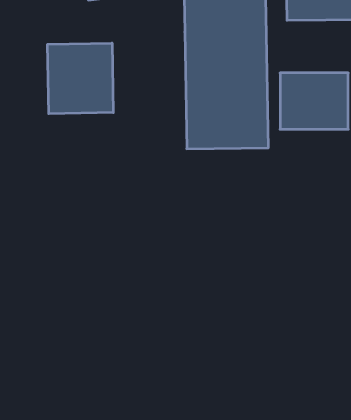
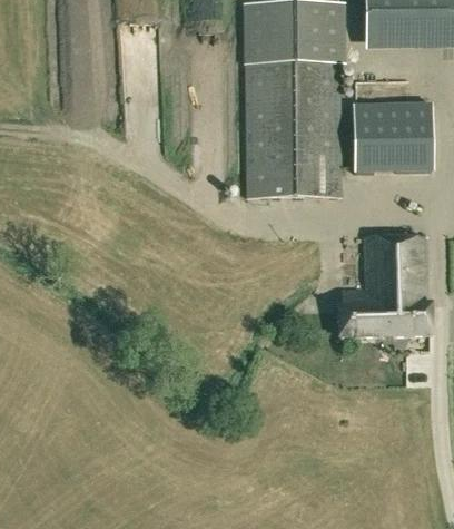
building: [48,43,113,114] -> none
building: none -> [337,232,431,333]

